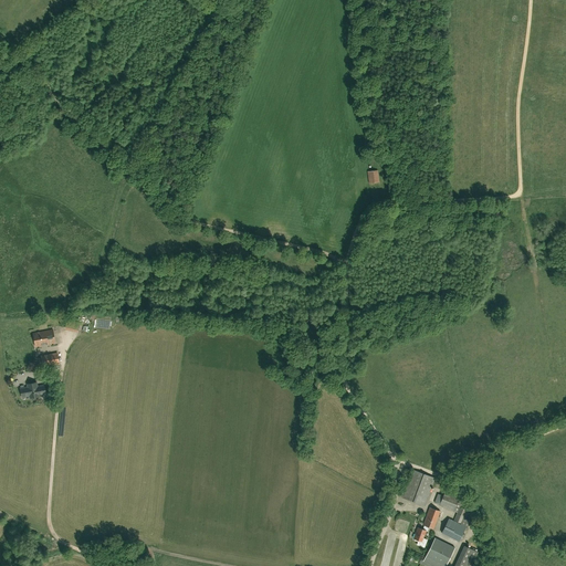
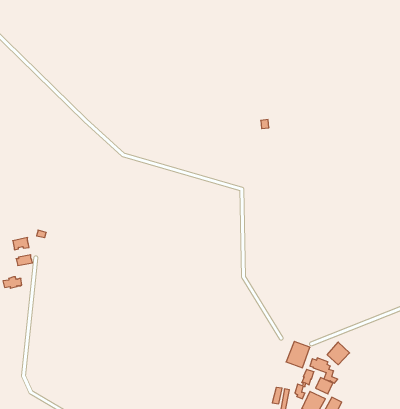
building: none -> [327,342,350,365]

